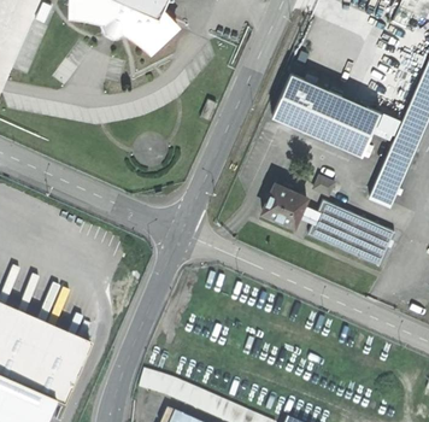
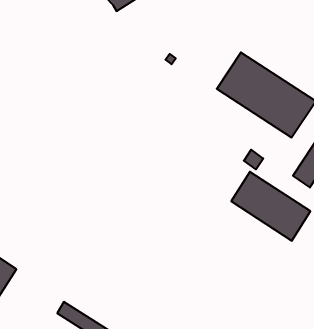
building: [263,182,307,224] -> none

